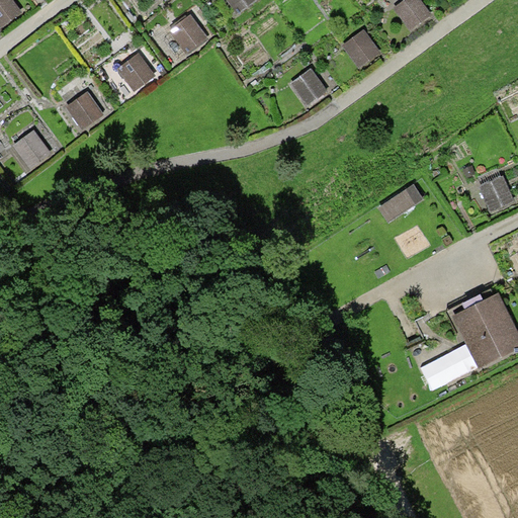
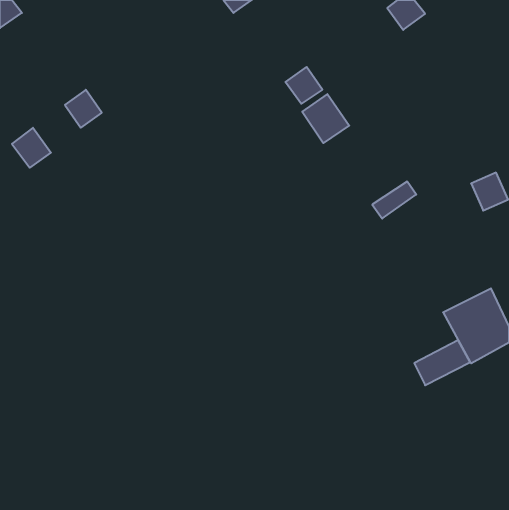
building: [169,14,207,54] -> none
building: [342,29,380,69] -> none
building: [116,53,155,92] -> none
building: none -> [302,94,349,143]

